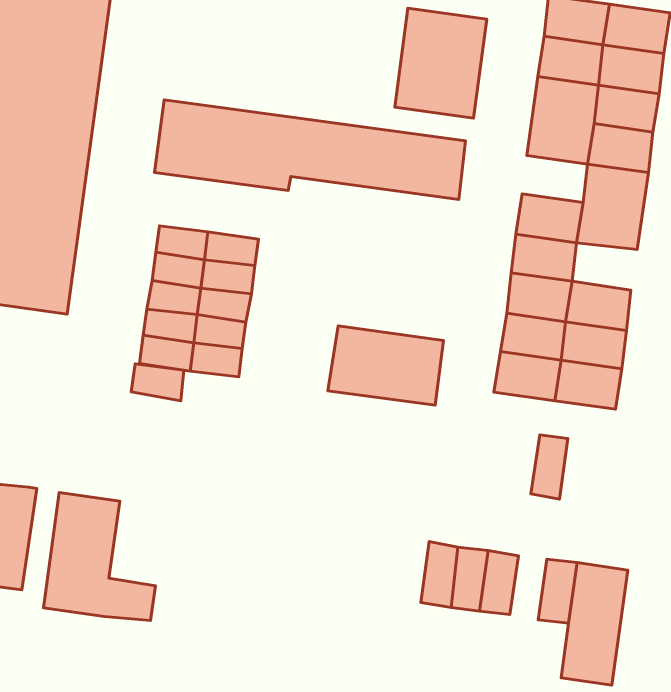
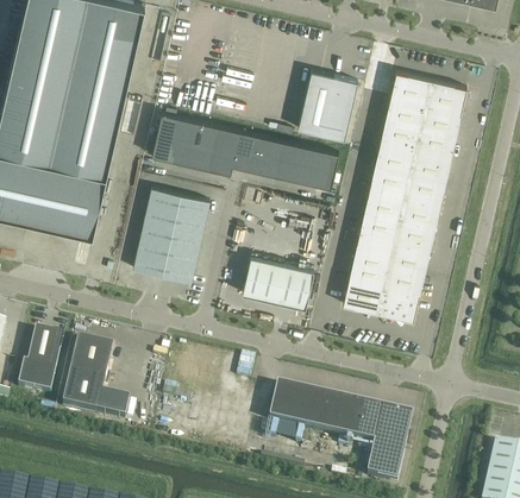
building: none -> [369,166,409,197]
building: none -> [394,221,434,252]
building: [131,364,184,401] -> none
building: [531,435,568,499] -> [339,404,364,443]
building: none -> [269,387,295,427]

